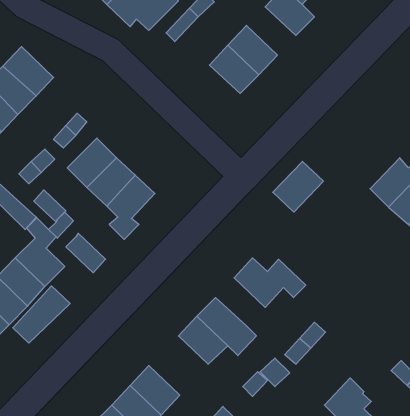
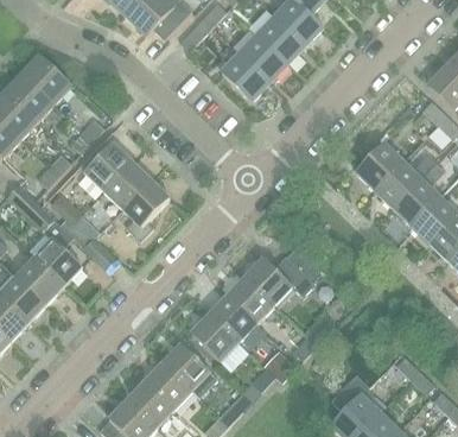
building: none -> [256,17,304,63]
building: [273,161,323,212] -> [355,142,403,191]
building: none -> [227,277,274,323]
building: [13,286,70,343] -> none
building: none -> [163,343,217,397]

